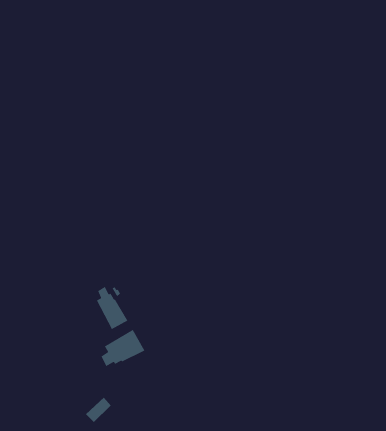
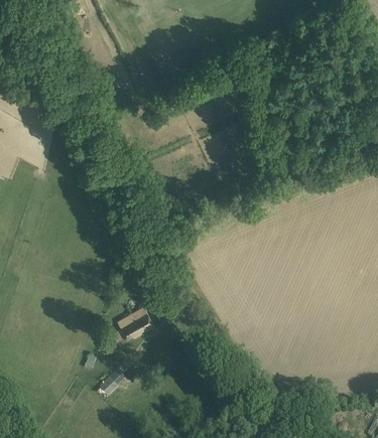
building: [96,286,129,330] -> none

